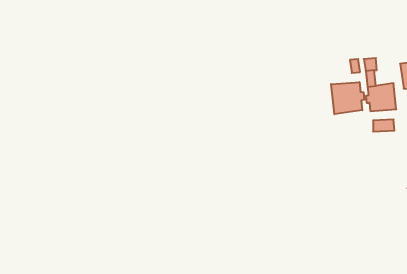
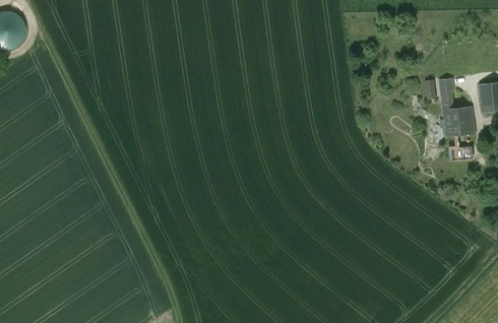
building: [331,82,364,114] -> none

